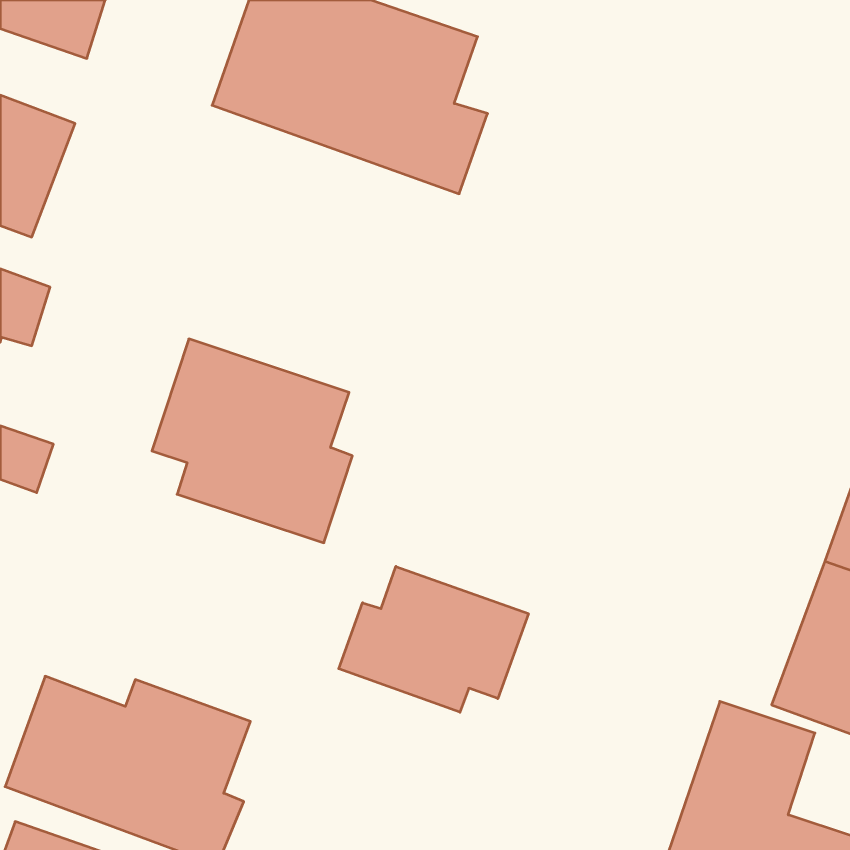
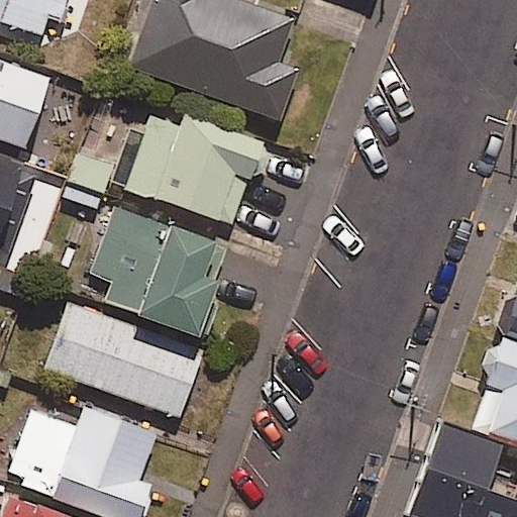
building: none -> [128,117,261,222]
building: none -> [46,304,201,415]
building: [339,566,528,712] -> none

